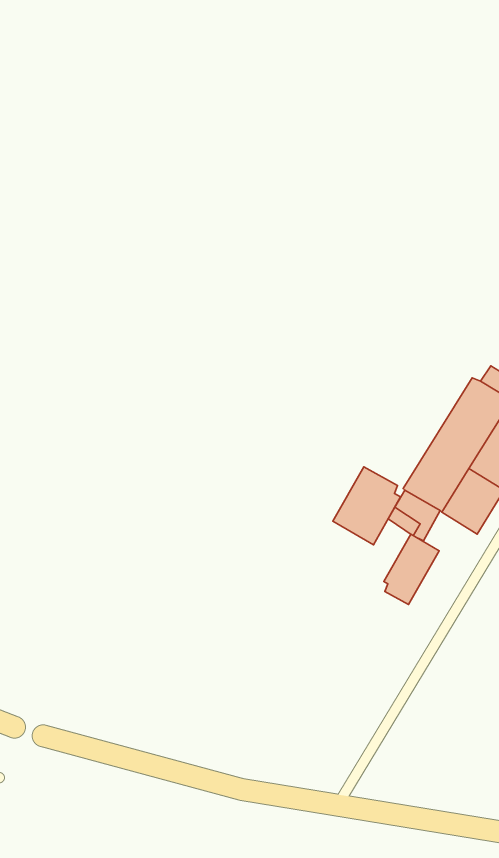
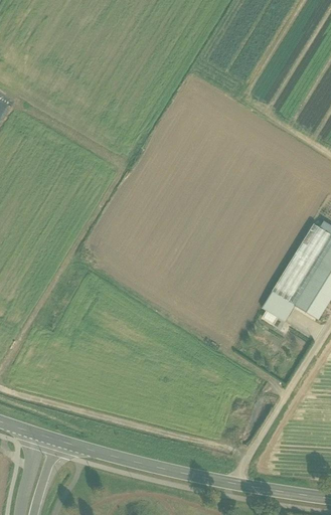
building: [333,467,401,545] -> none
building: [384,534,439,605] -> none

